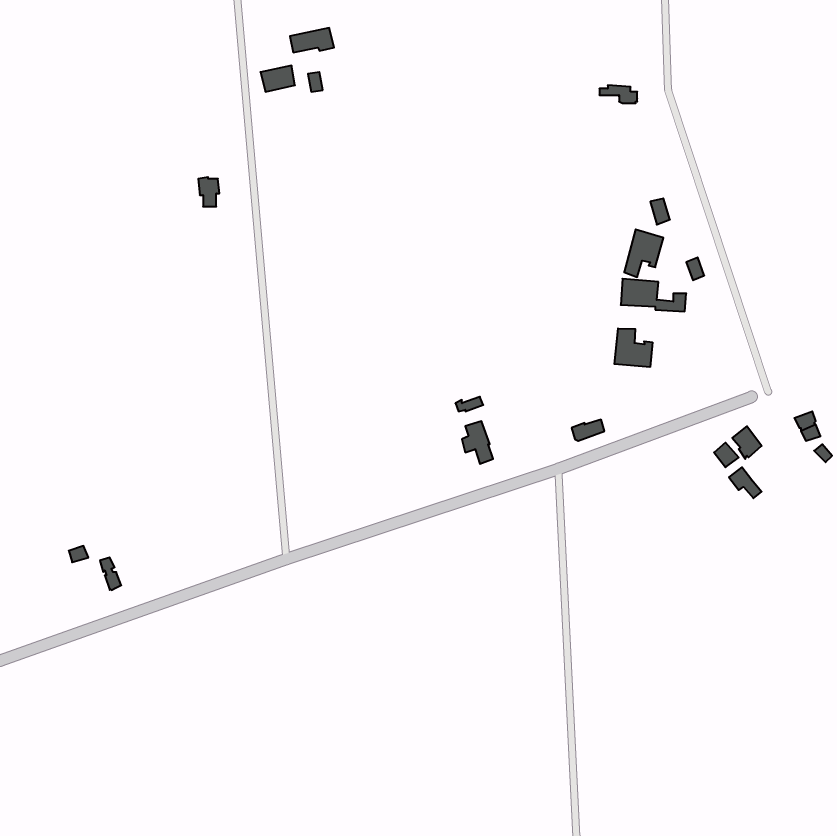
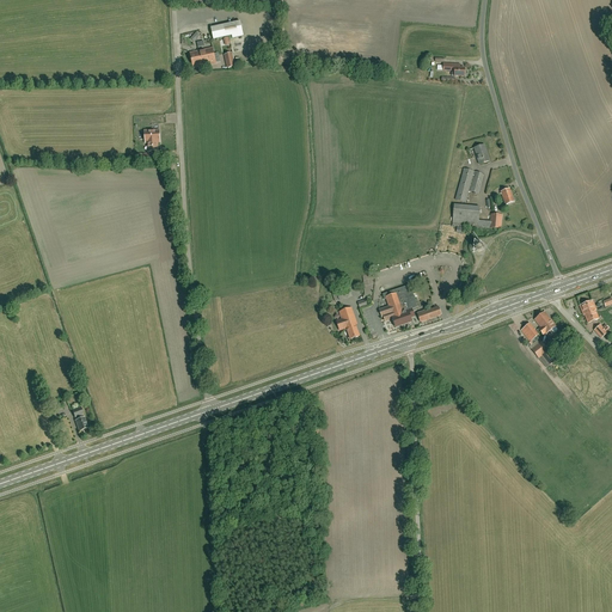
building: [614,328,652,367] -> none
building: none -> [380,284,415,326]

